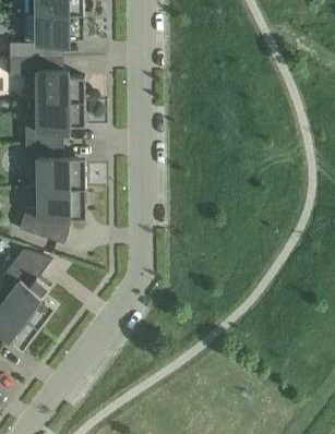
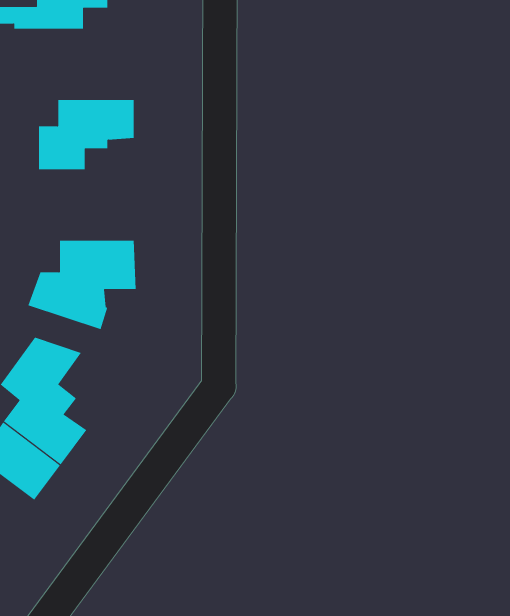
building: [10,57,85,100] -> none
building: [25,144,85,188] -> none

